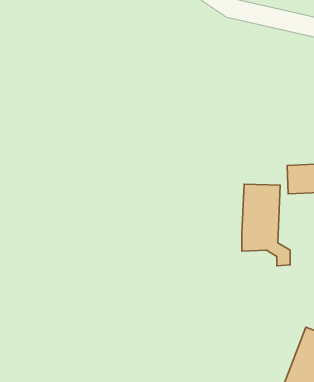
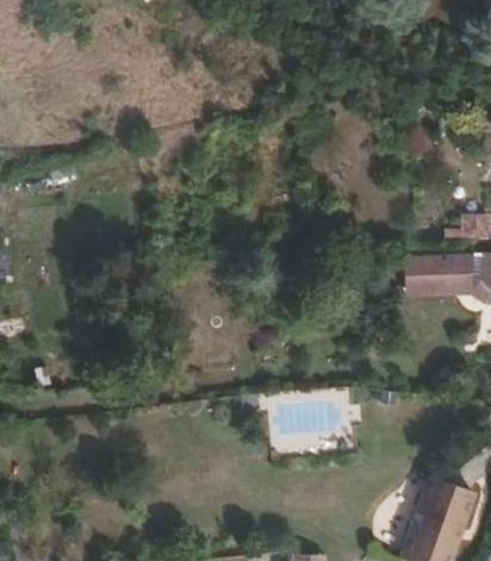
building: [242,184,290,266] -> none

